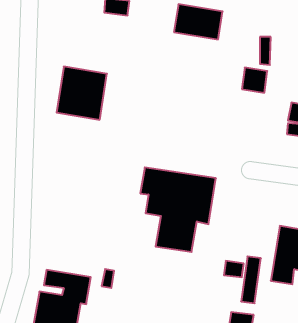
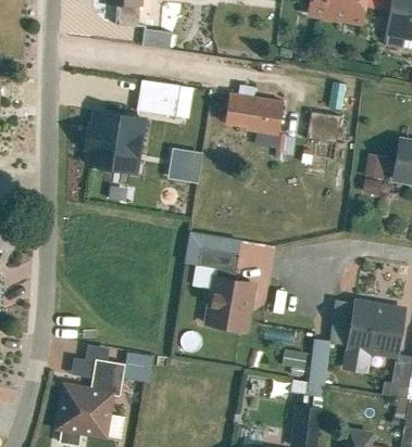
building: [174,4,223,39] -> [224,92,283,135]
building: none -> [136,79,180,117]
building: none -> [165,149,202,183]

